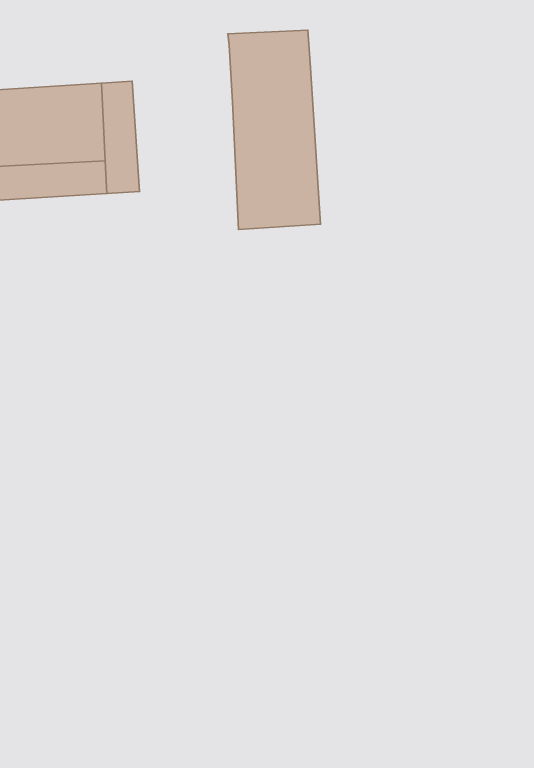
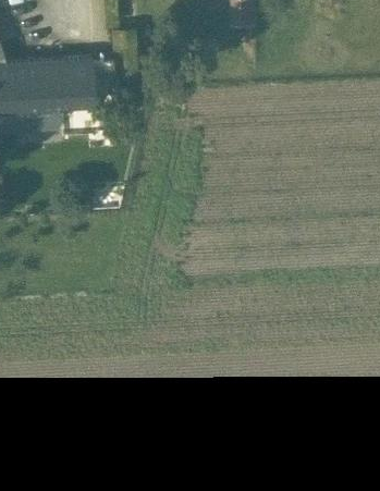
building: [228,30,320,230] -> none

